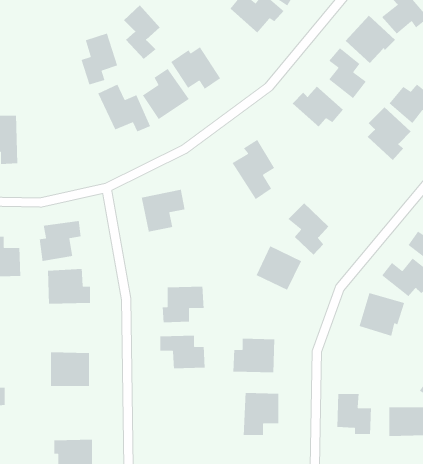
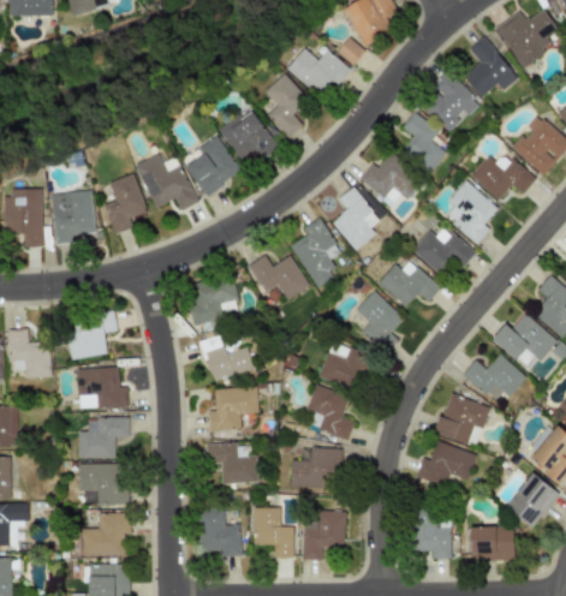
building: [123,5,161,60] -> [264,73,308,137]
building: [81,33,118,86] -> [103,173,147,234]
building: none -> [332,186,381,250]
building: none -> [50,191,94,242]
building: none -> [412,227,475,273]
building: none -> [248,255,309,300]
building: none -> [377,260,440,306]
building: none -> [201,335,254,381]
building: none -> [306,385,355,440]
building: none -> [78,417,129,458]
building: none -> [417,441,476,487]
building: none -> [199,507,243,556]
building: none -> [255,507,294,559]
building: none -> [81,513,129,556]

